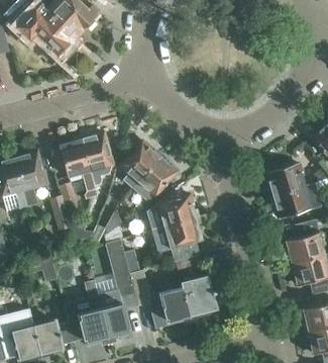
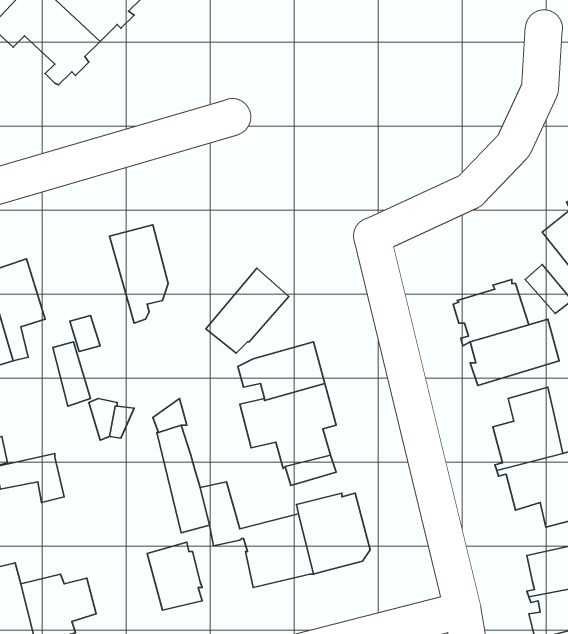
building: [60,139,97,198] -> none
building: [120,141,159,188] -> none
building: [64,280,109,345] -> none

